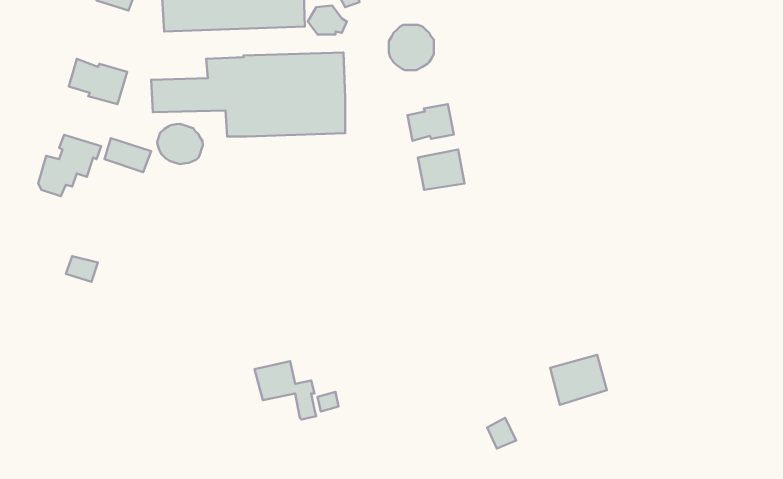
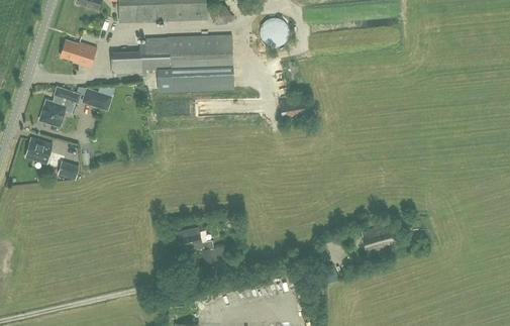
building: [407,104,454,141] -> none
building: [157,124,203,164] -> none
building: none -> [25,138,52,164]

